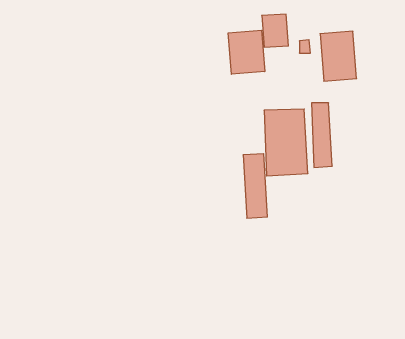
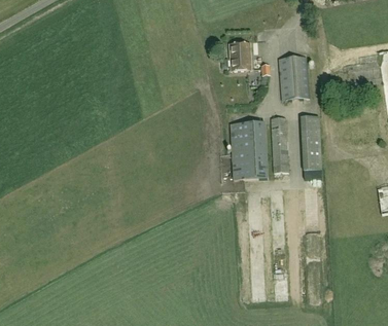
building: [228,30,265,74] -> none
building: [243,154,267,218] -> [301,115,321,170]

